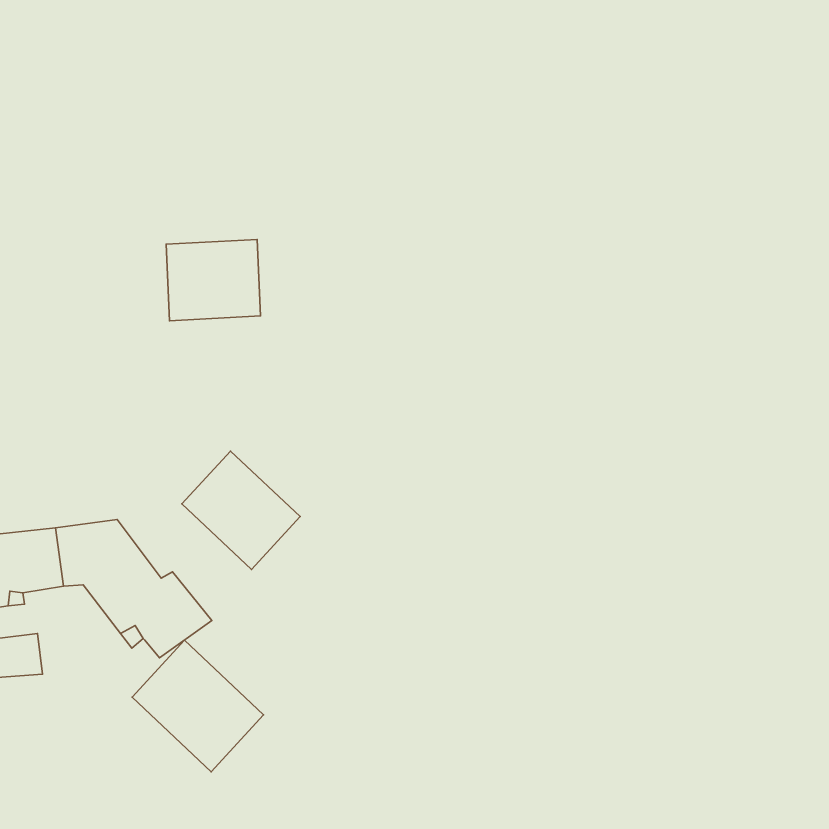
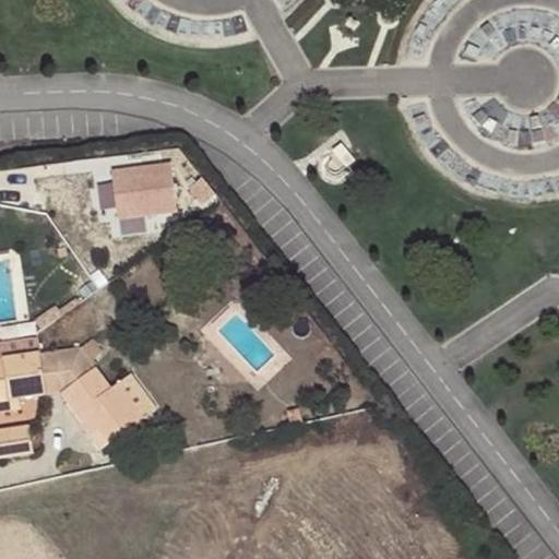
building: [182,451,300,569] -> none
building: [132,640,264,772] -> none

